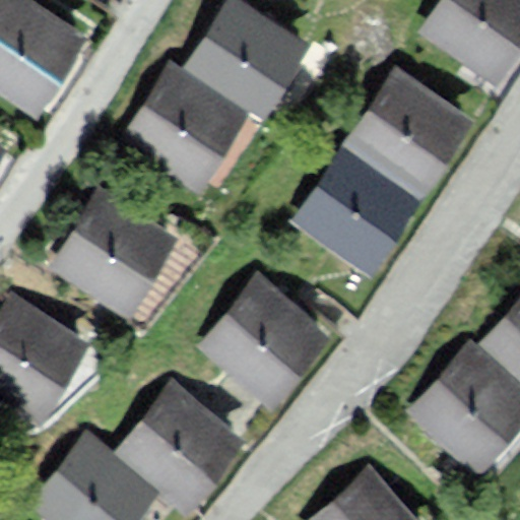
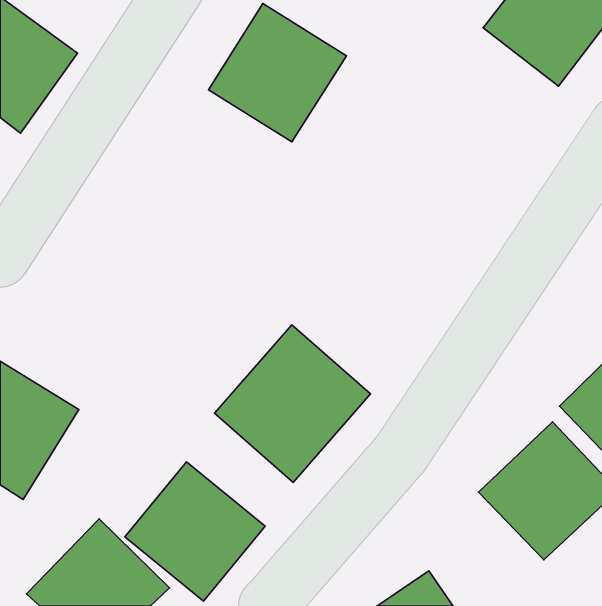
building: [348,74,466,193] -> none
building: [135,79,242,186] -> none
building: [296,156,409,268] -> none
building: [52,196,166,311] -> none

